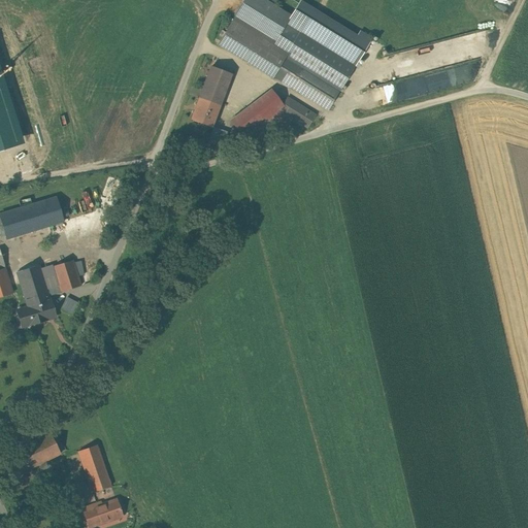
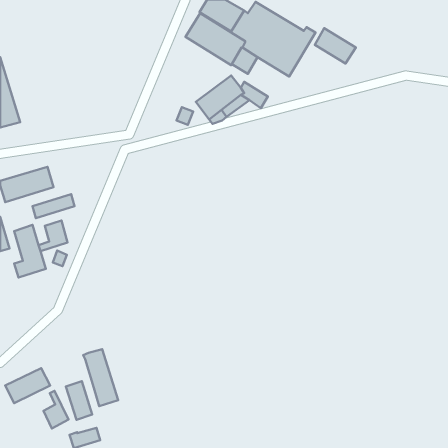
building: [192,66,231,126] -> none
building: [292,67,340,108] -> [315,28,356,63]
building: none -> [32,194,75,218]
building: none -> [83,349,118,406]
building: none -> [43,391,68,429]

